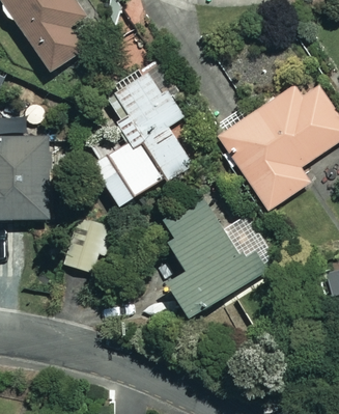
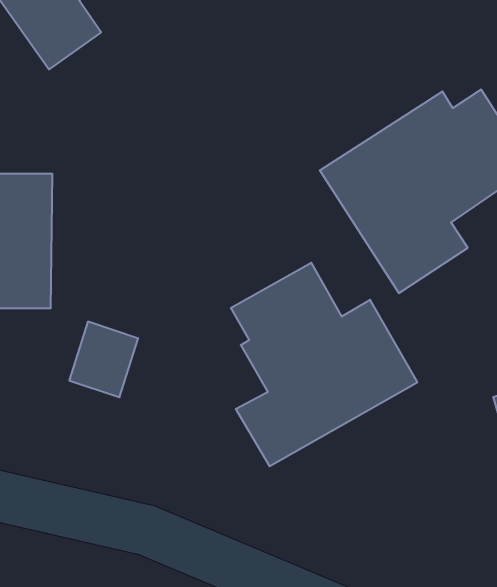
building: [92,66,191,205] -> none

